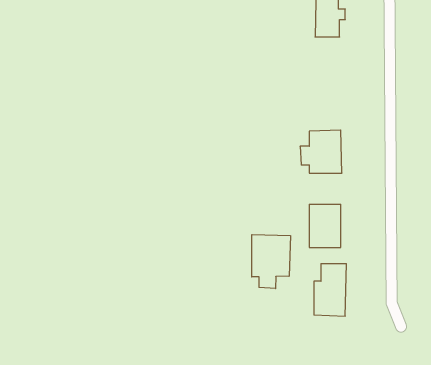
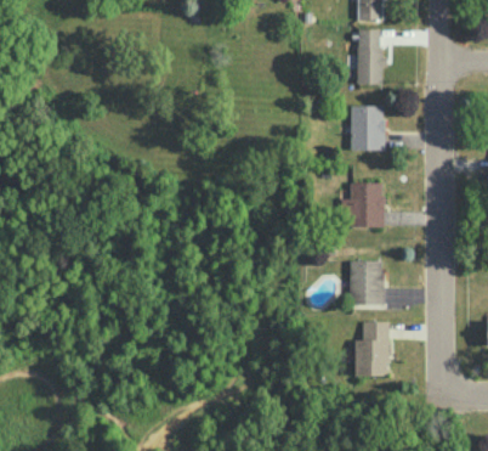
building: none -> [350,106,384,151]
building: [252,235,290,289] -> none

